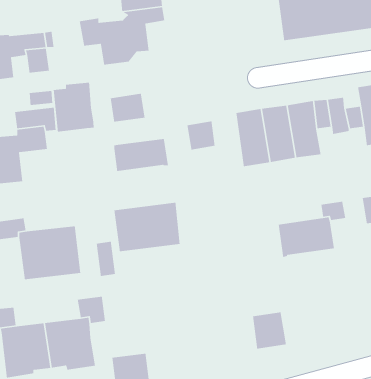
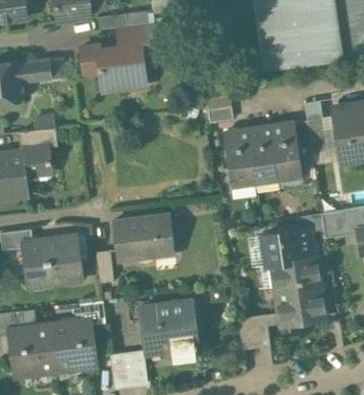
building: [53,82,95,132] -> none
building: [110,93,145,123] -> none
building: [187,120,216,151] -> [206,95,232,122]
building: [113,138,169,172] -> none
building: none -> [271,256,325,325]
building: none -> [141,301,197,362]

